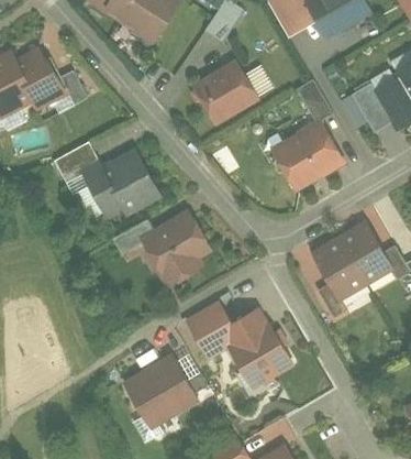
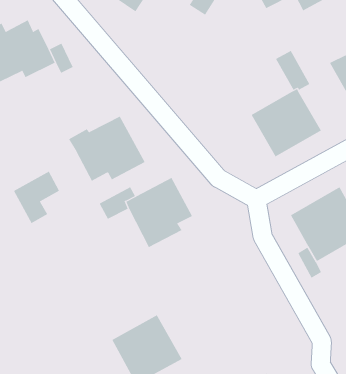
building: [190,58,258,123] -> none
building: [52,140,100,195] -> [13,171,60,224]
building: [187,303,296,389] -> none

